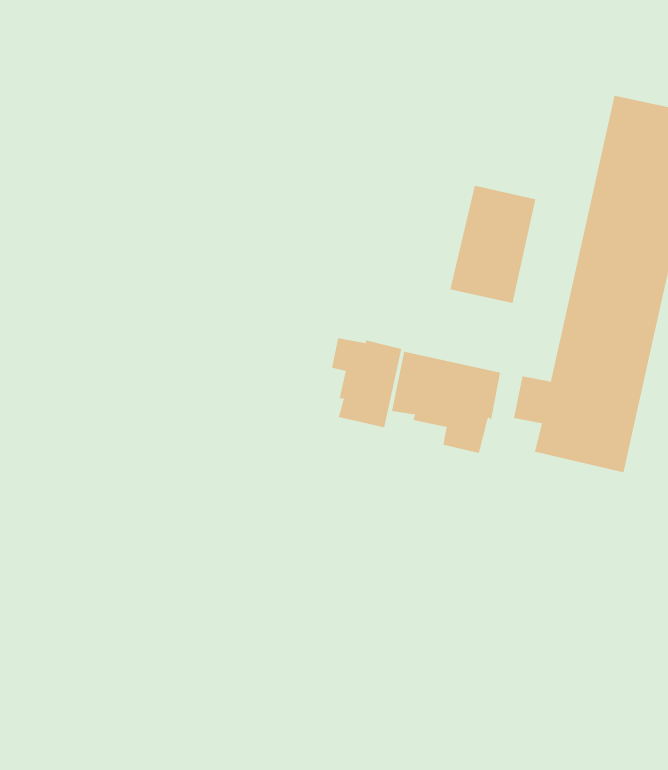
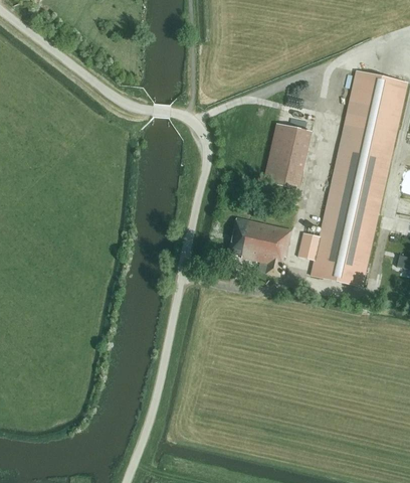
building: [332,338,402,428] -> none

